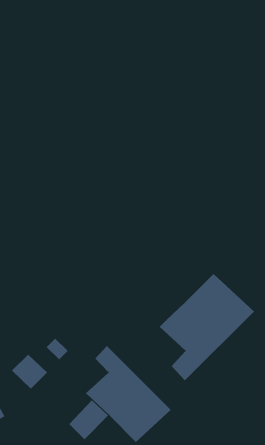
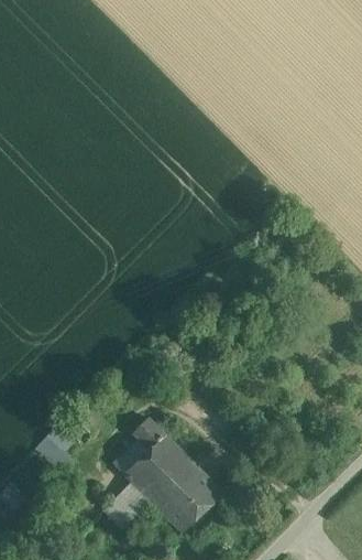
building: [159,273,255,381] -> none

